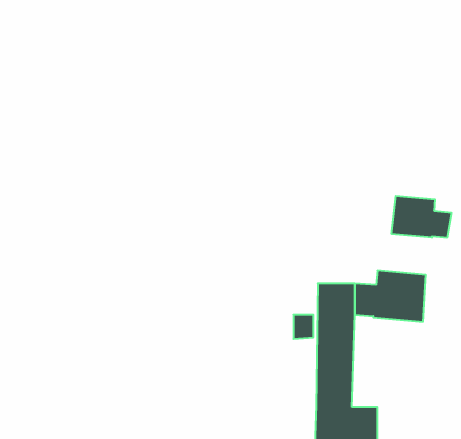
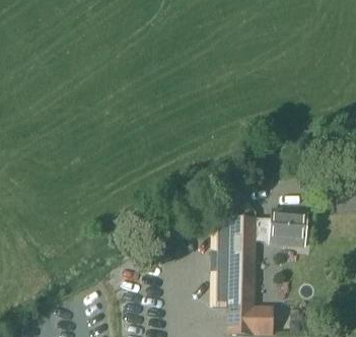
building: [392,196,451,238] -> none

